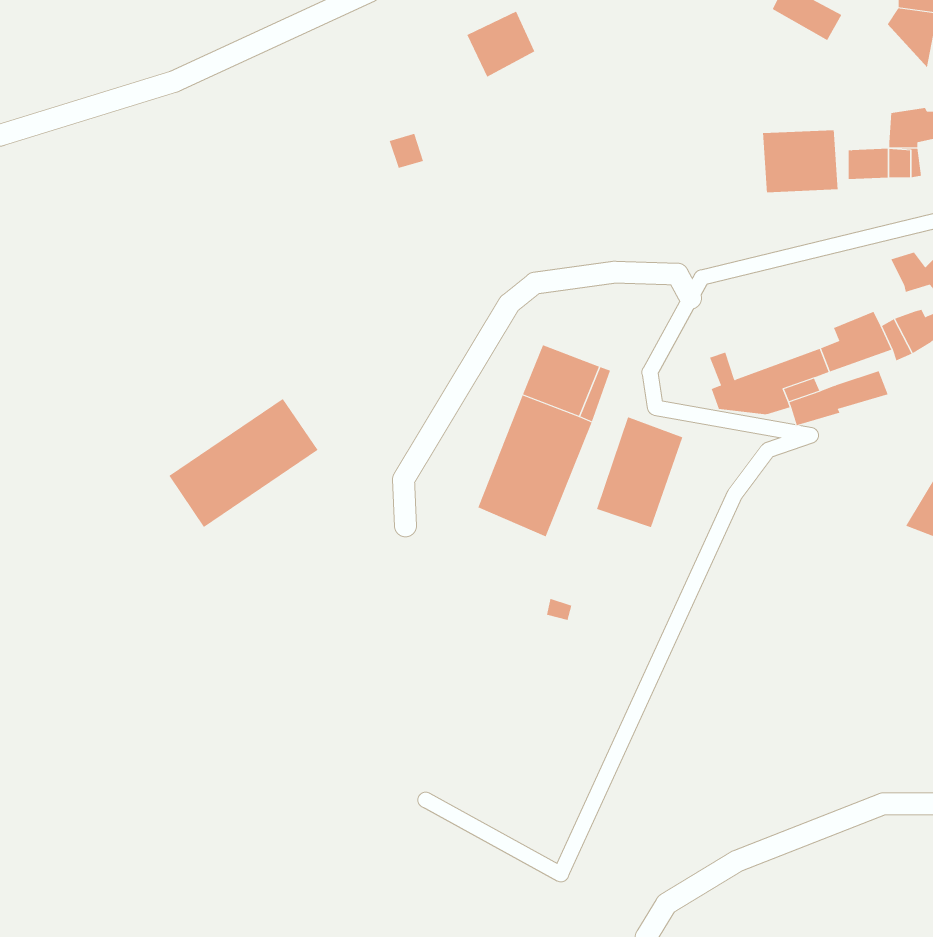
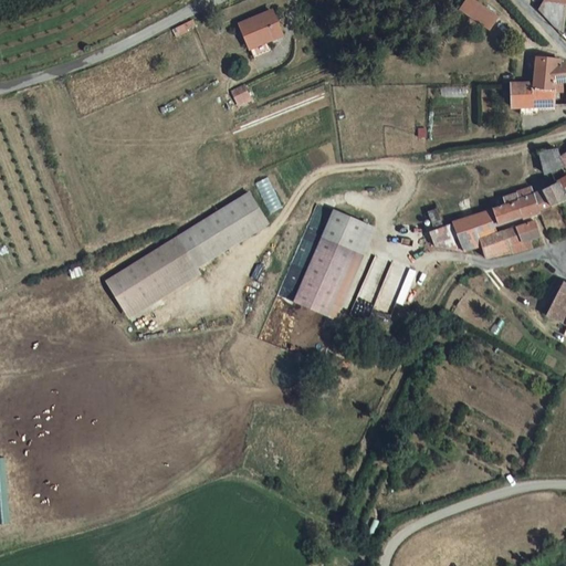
building: [467,11,535,77] -> [233,11,274,51]
building: [763,129,838,193] -> none
building: none -> [177,191,266,269]

